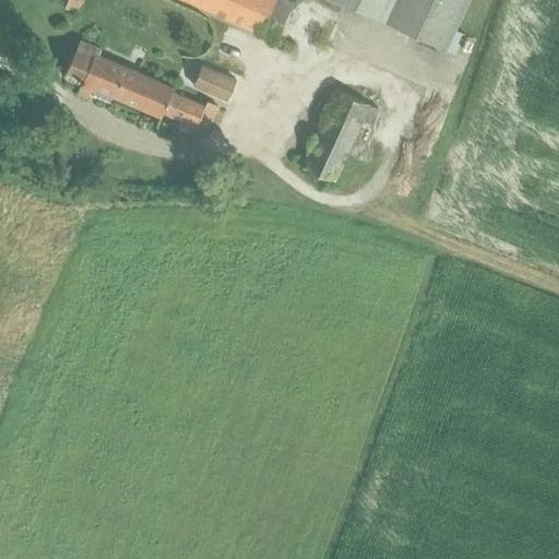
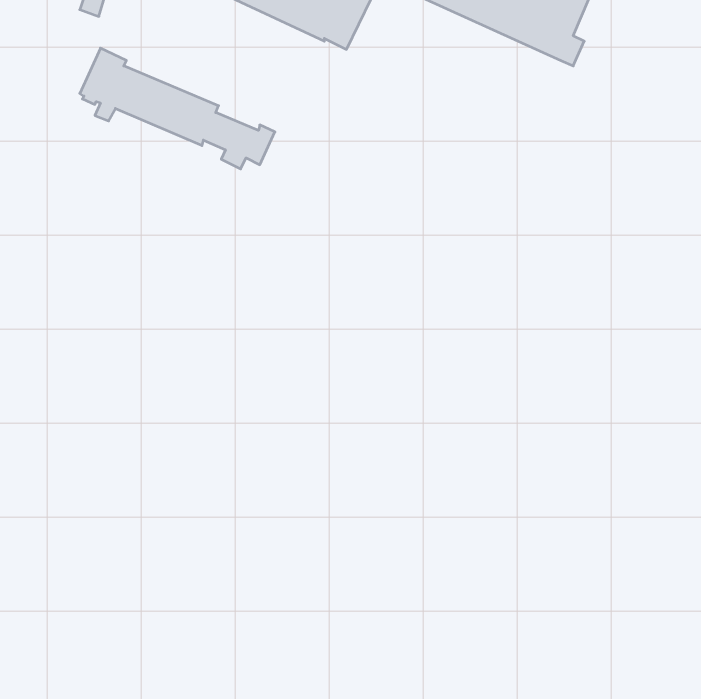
building: [193,64,236,99] -> none
building: [300,86,379,178] -> none

